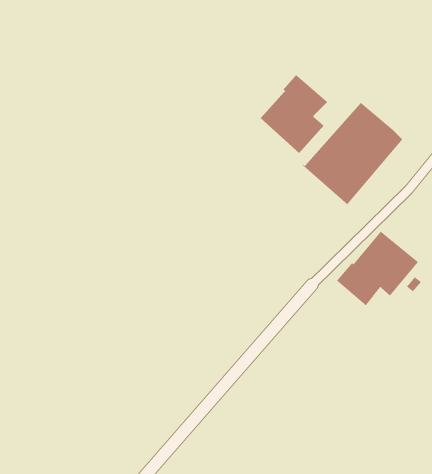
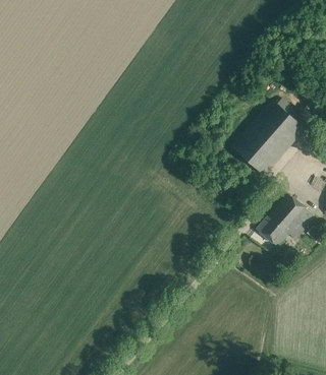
building: [260,74,328,154] -> none

